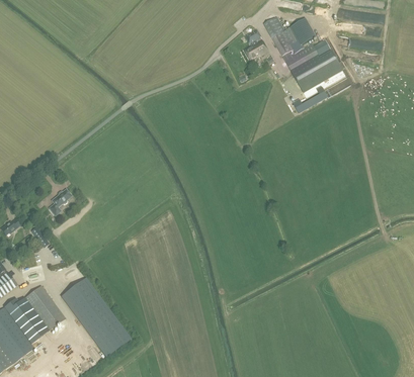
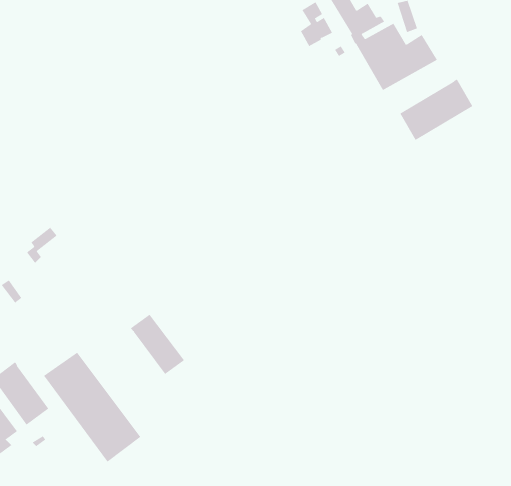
building: none -> [399,79,473,141]
building: none -> [130,314,185,375]

